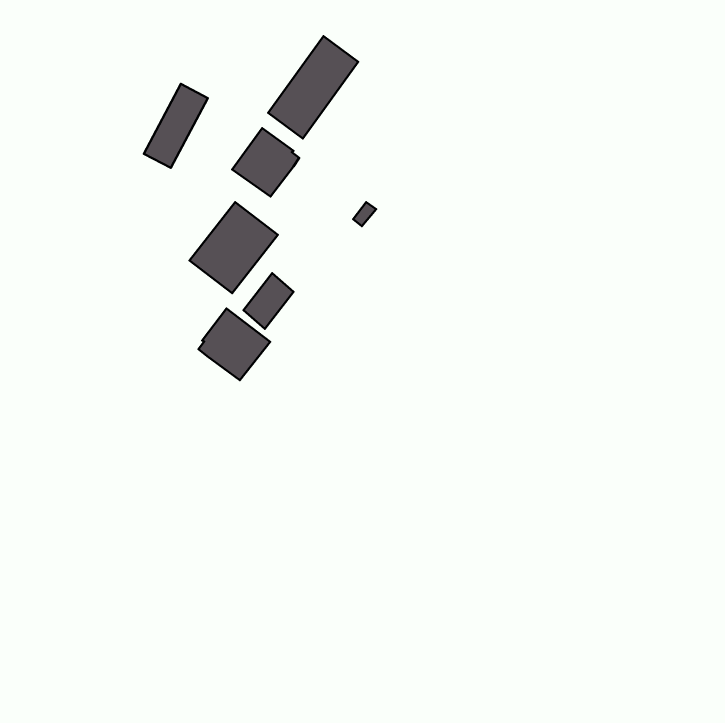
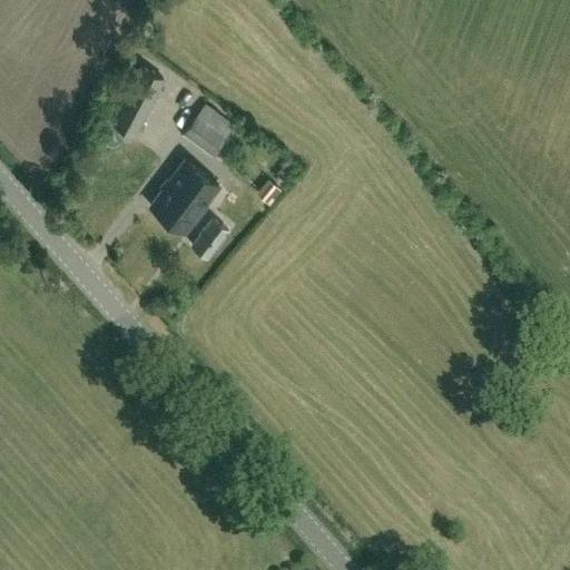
building: [268,36,358,139] -> none
building: [199,308,270,380] -> none

